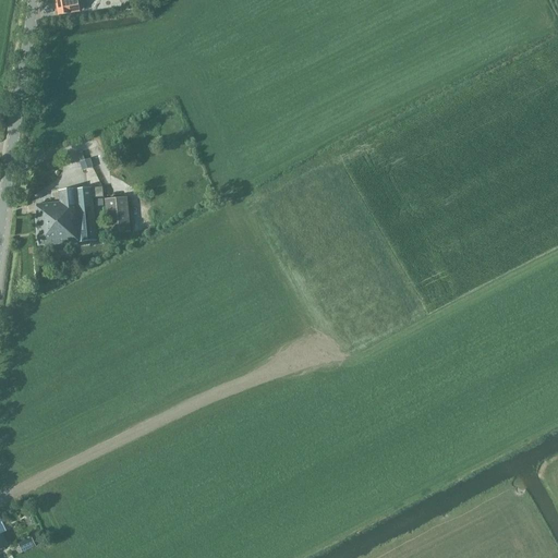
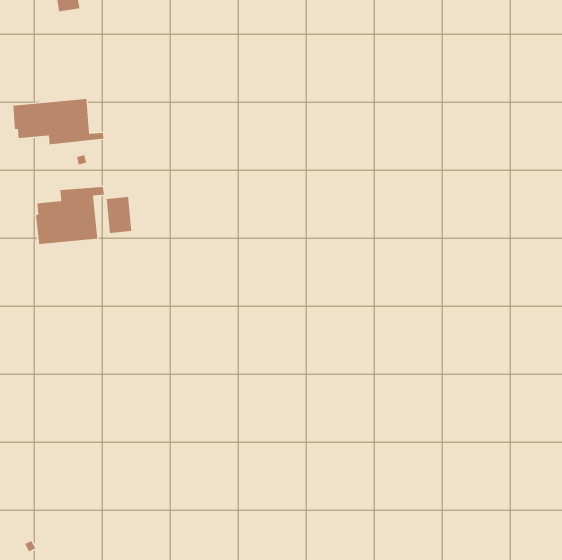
building: none -> [13,98,104,145]

